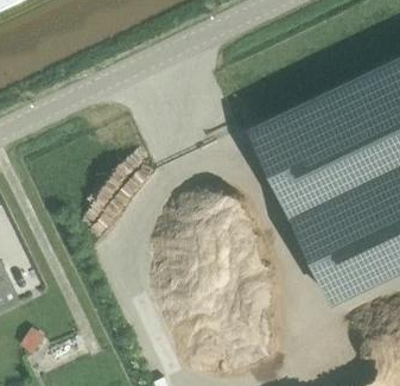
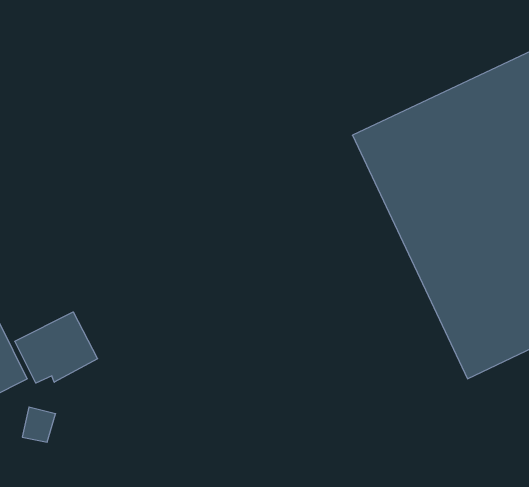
building: none -> [15,312,98,383]

